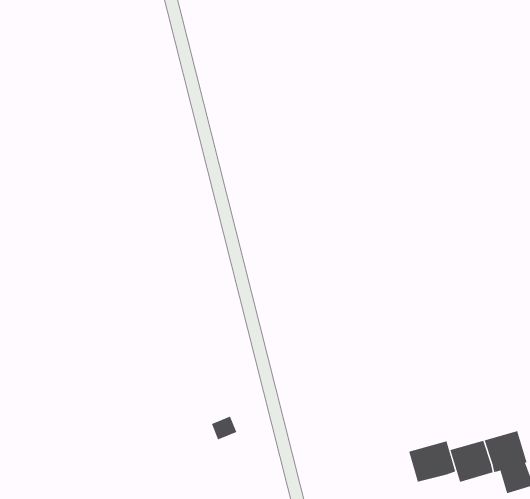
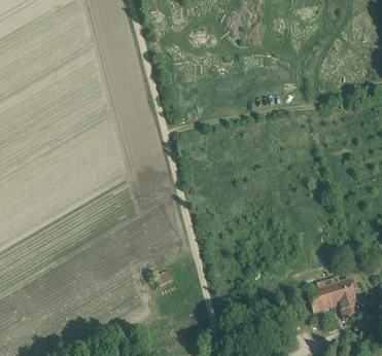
building: [409,441,456,482] -> none

